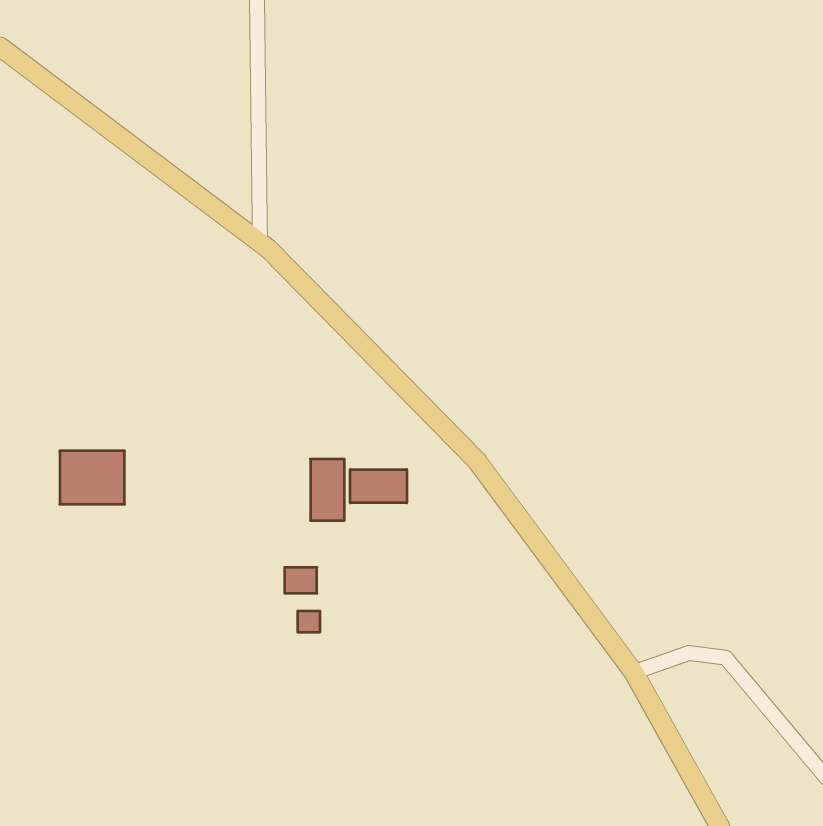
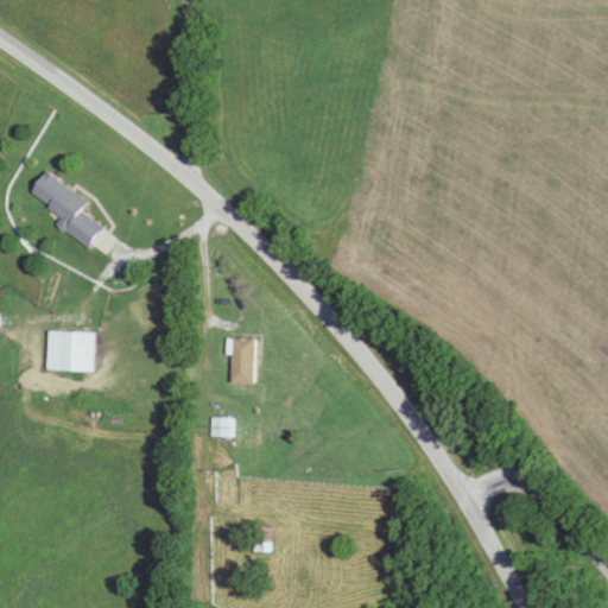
building: none -> [26,171,104,243]
building: [350,469,407,503] -> none

